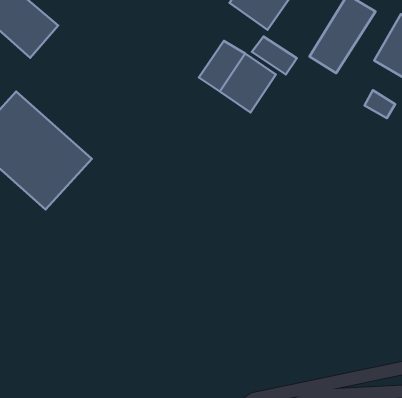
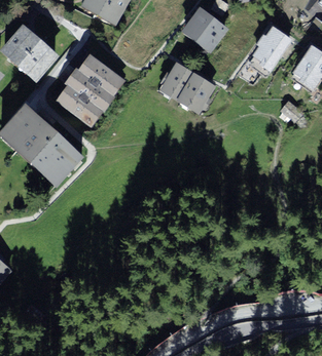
building: none -> [51,45,128,122]
building: [252,36,297,74] -> none

